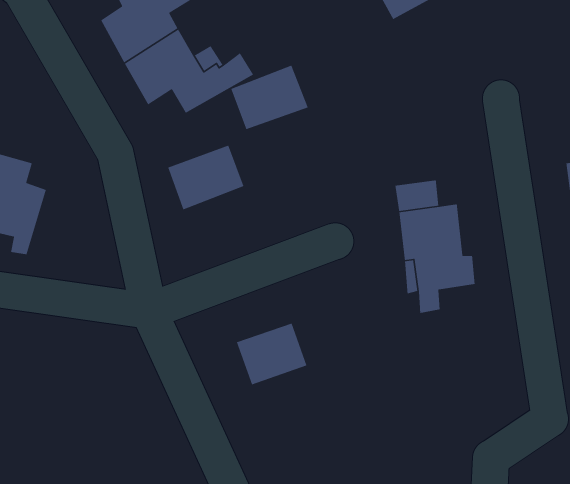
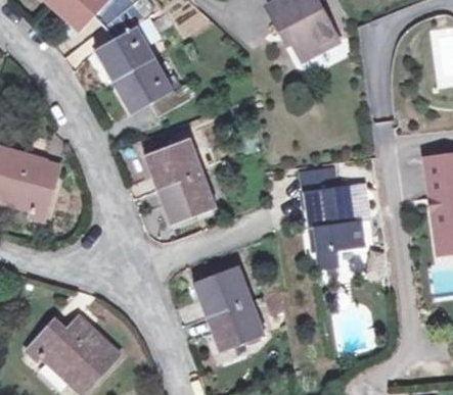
building: [230,65,309,130] -> [153,175,211,223]
building: none -> [203,305,256,351]
building: none -> [32,311,116,379]

